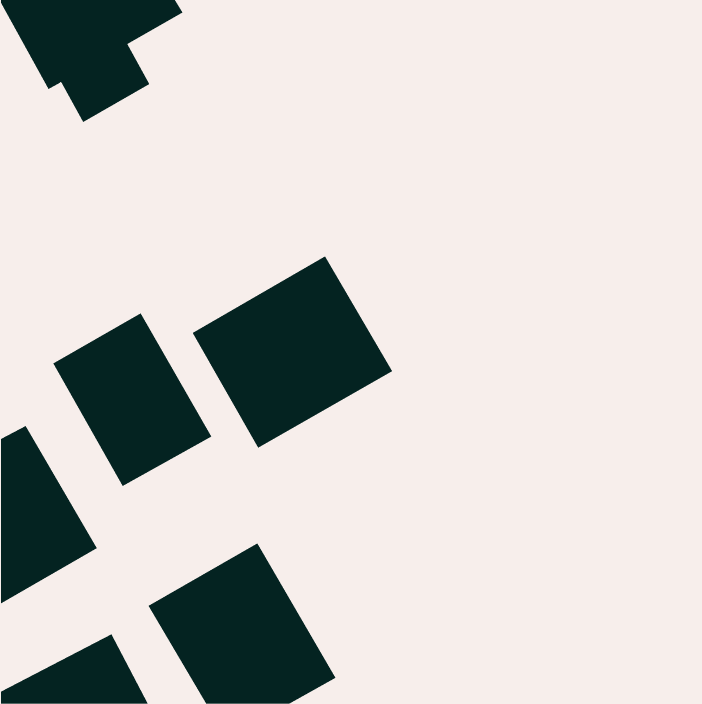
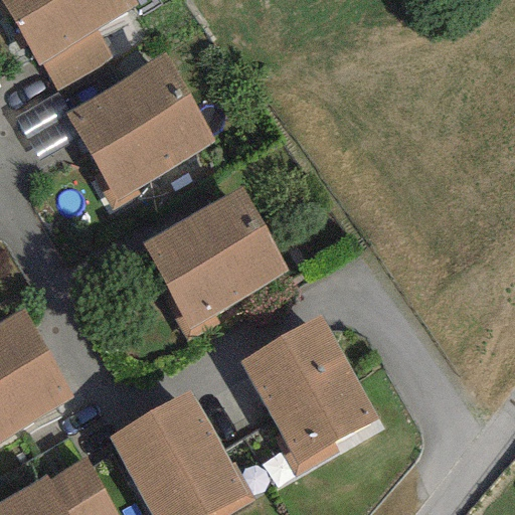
building: none -> [66,50,216,199]
building: [53,313,212,487] -> none
building: none -> [240,319,379,470]

